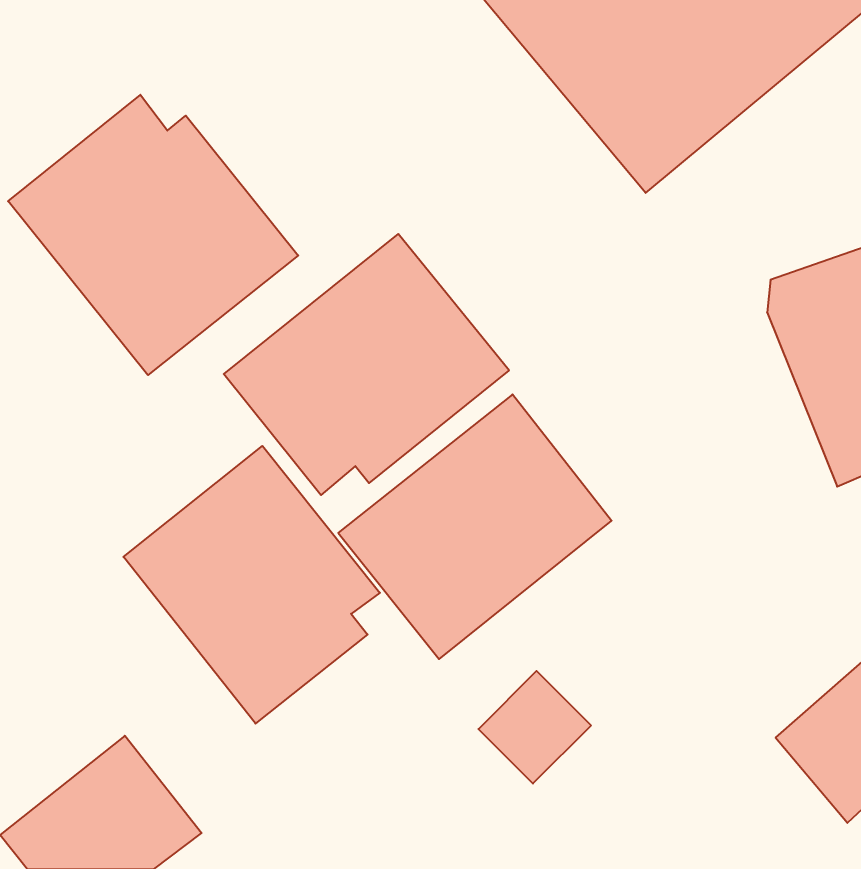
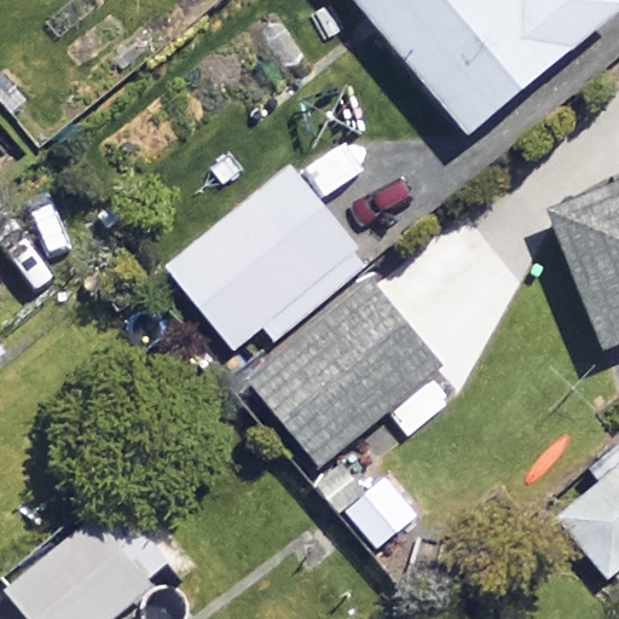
building: [8,95,298,375] -> none
building: [123,446,380,724] -> none

